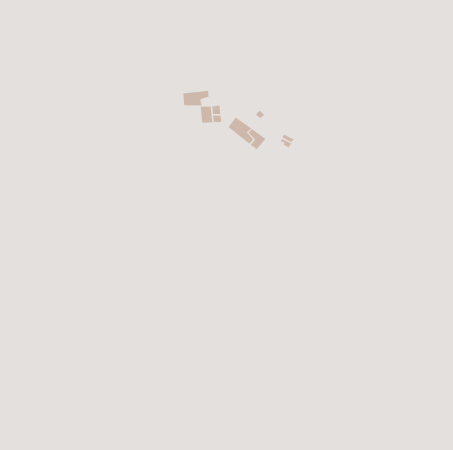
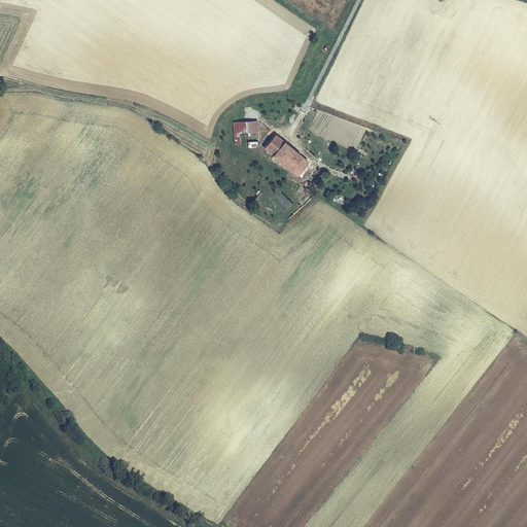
building: [182,90,210,106] -> none

